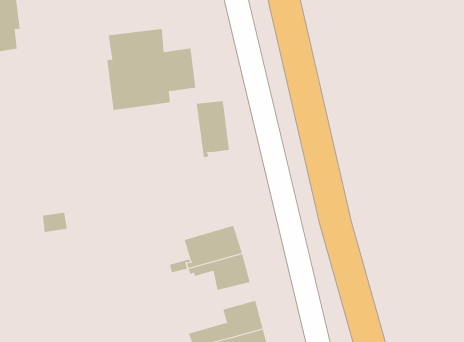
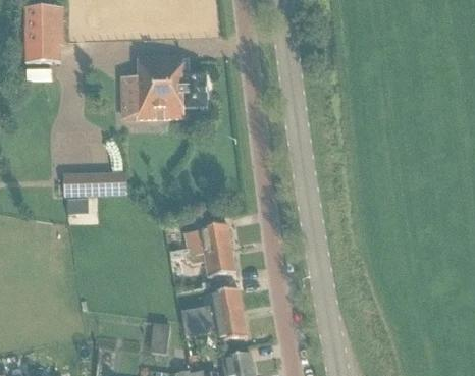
building: [196,100,229,158] -> none
building: none -> [63,173,125,195]

